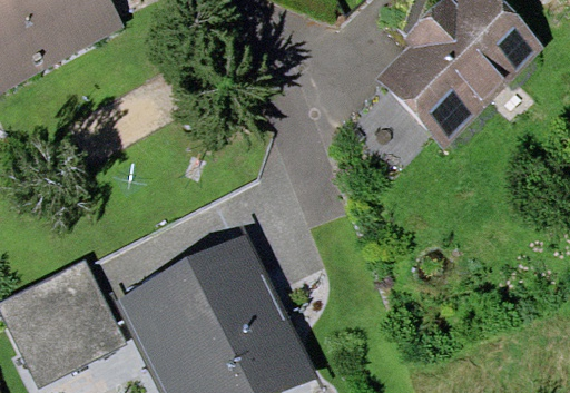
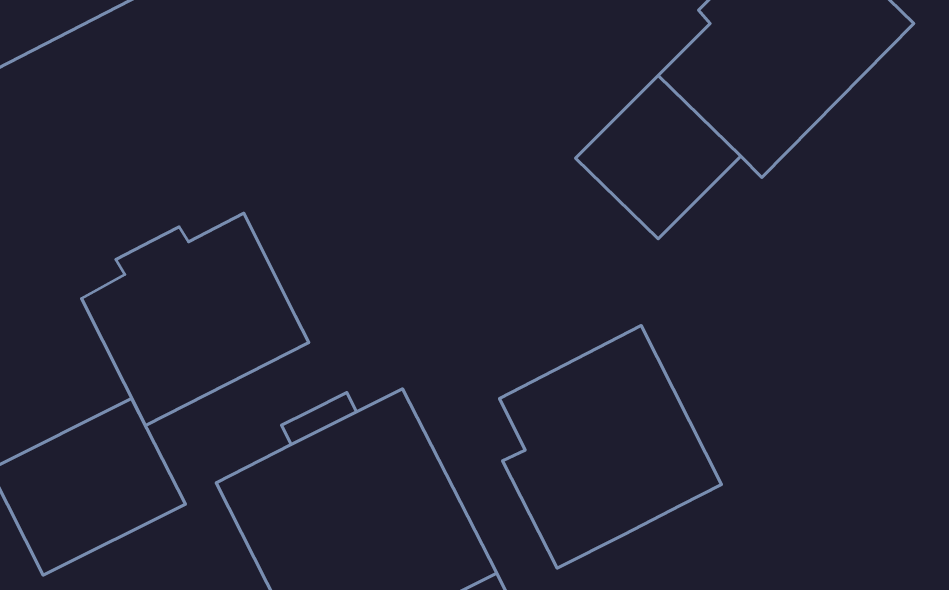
building: none -> [81,213,309,425]
building: none -> [499,325,722,568]

